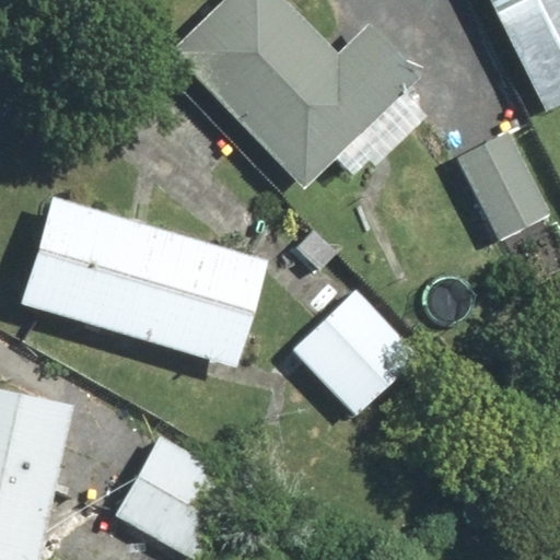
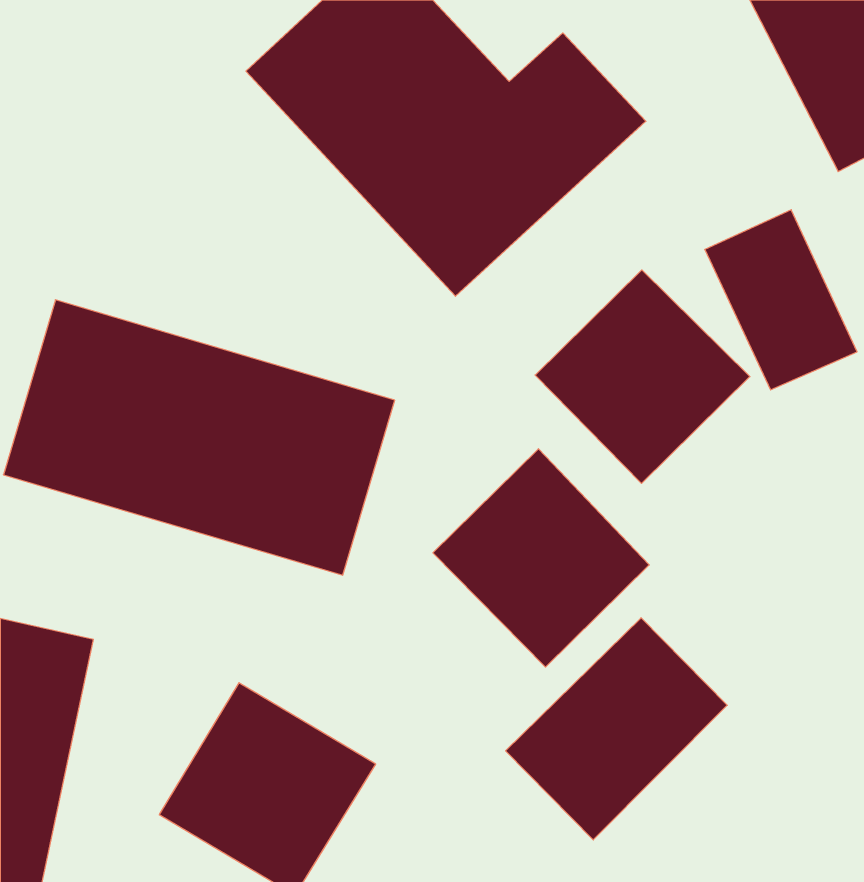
building: none -> [535,270,750,483]
building: none -> [506,618,727,840]

